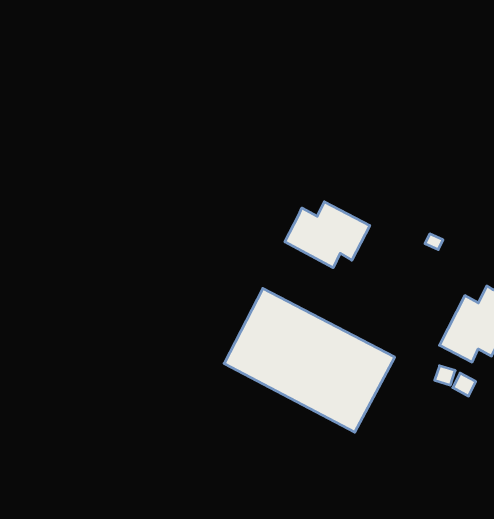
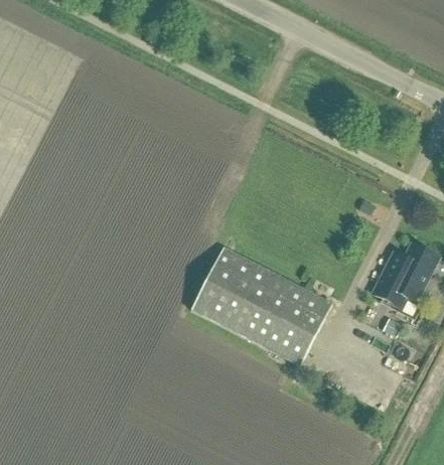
building: [285,202,370,268] -> none

